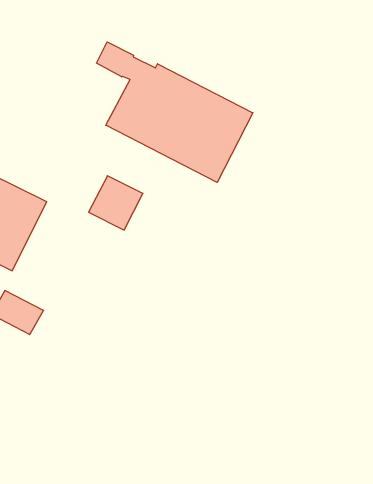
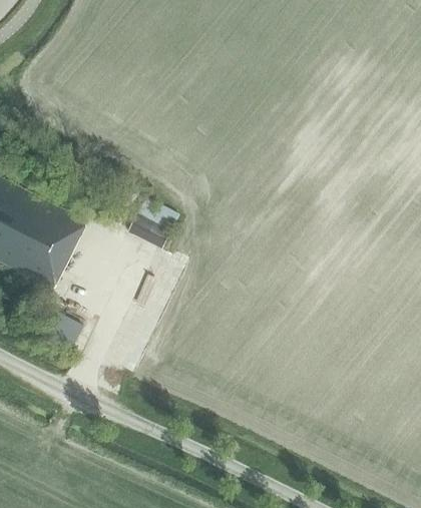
building: [96,42,253,182] -> none

